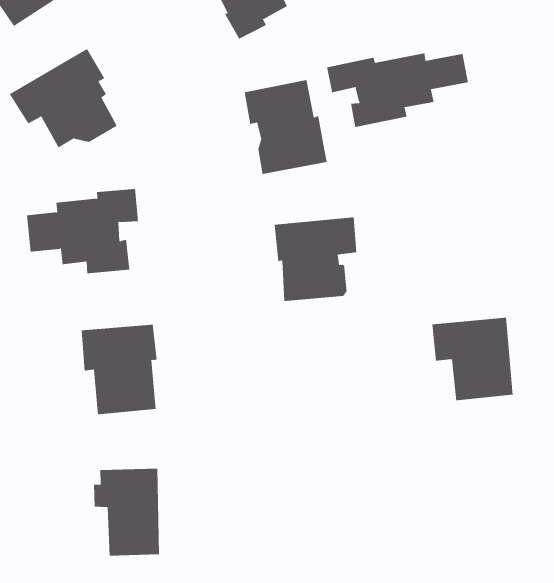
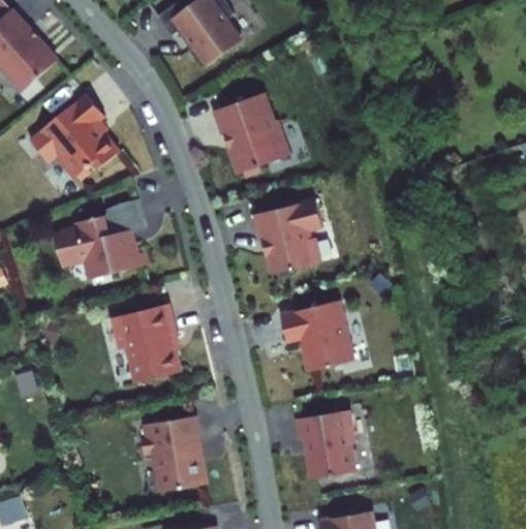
building: [326,53,468,128] -> none
building: [432,317,514,401] -> [281,301,354,373]
building: none -> [295,410,352,479]

